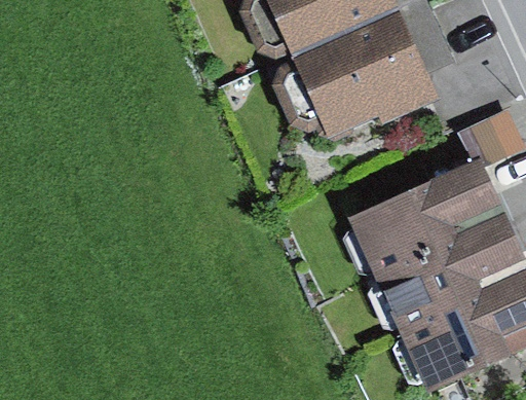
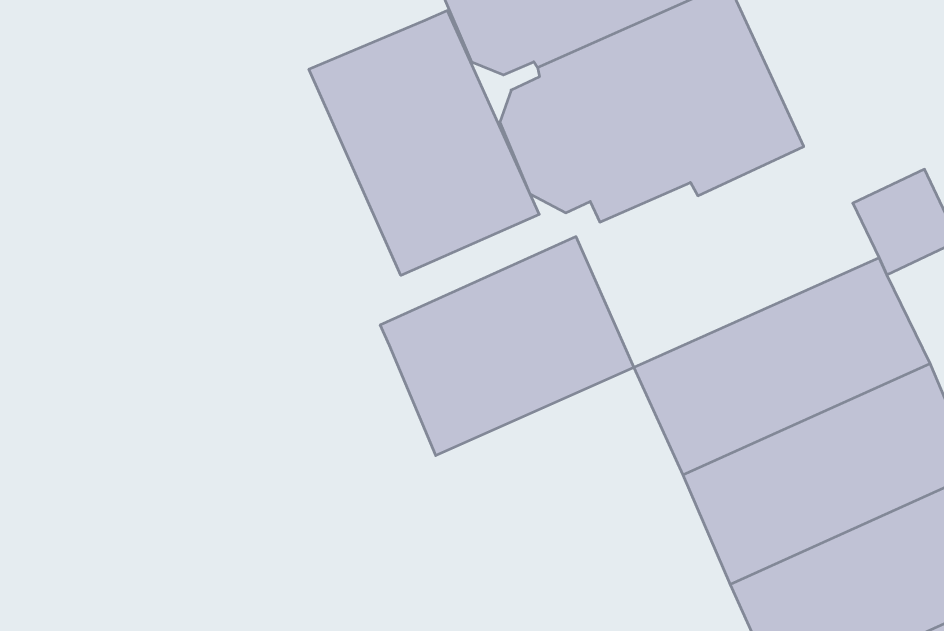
building: none -> [309,11,539,275]
building: none -> [380,237,634,456]

